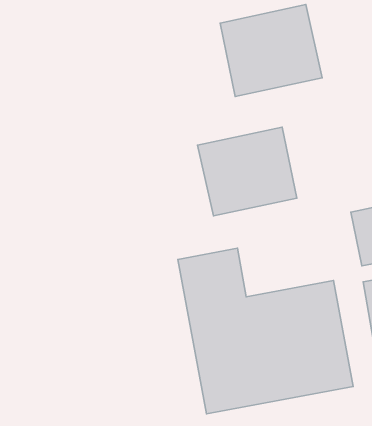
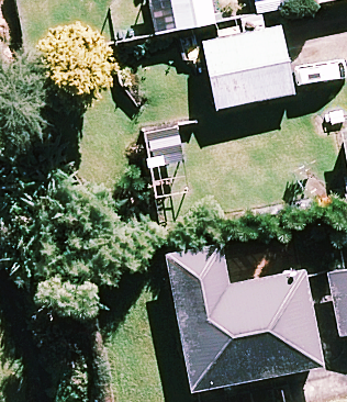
building: [198,127,297,216] -> none

